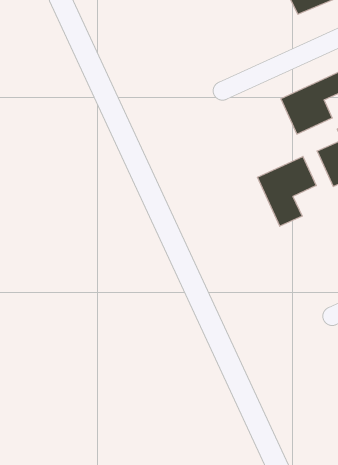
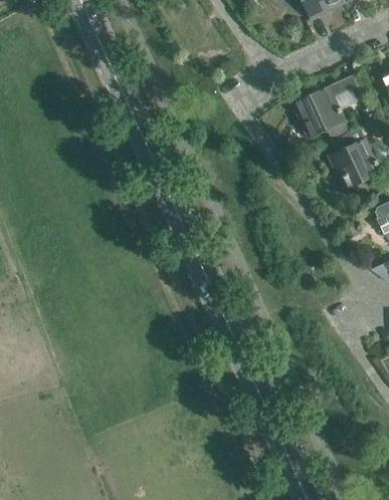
building: [257,156,316,226] -> none

